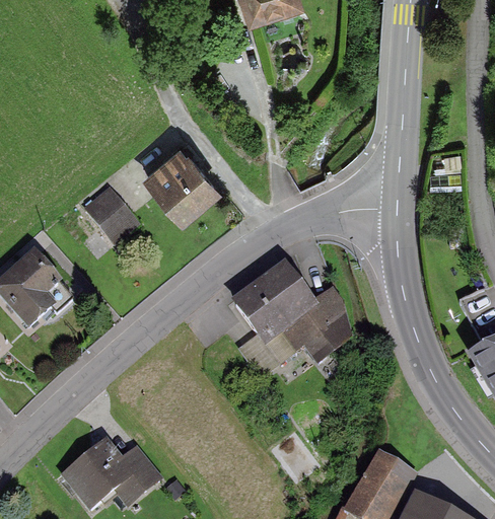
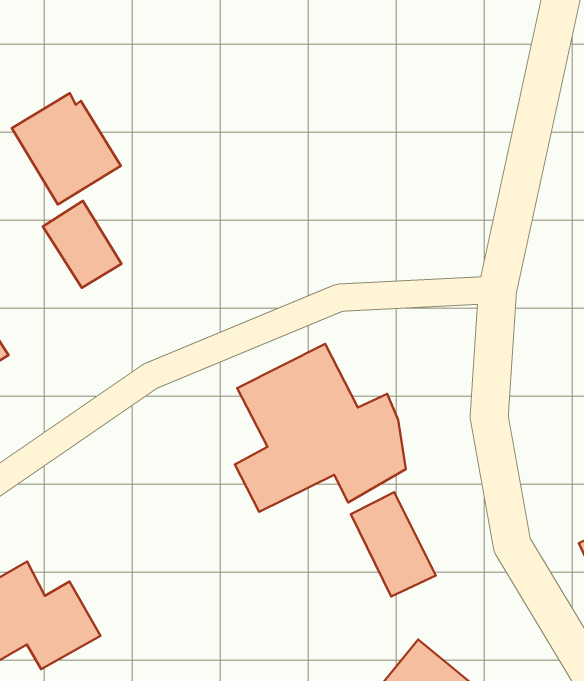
building: [144,153,221,229] -> [12,93,121,204]
building: none -> [351,492,436,597]

